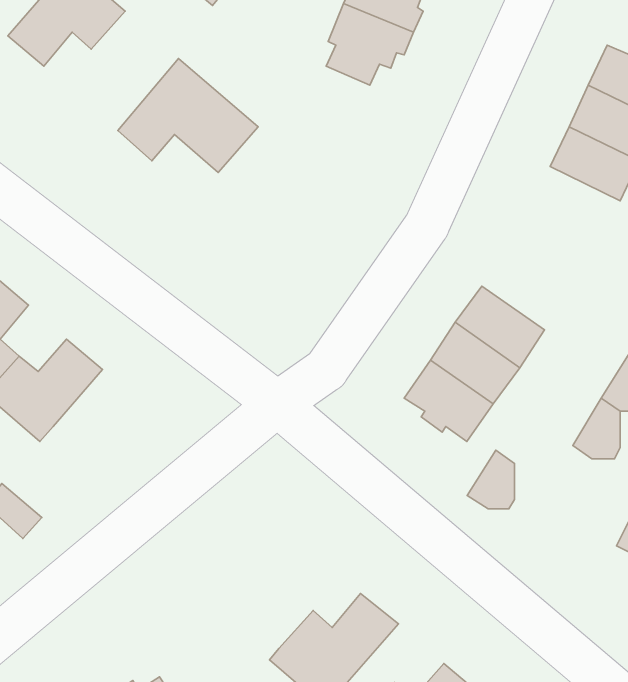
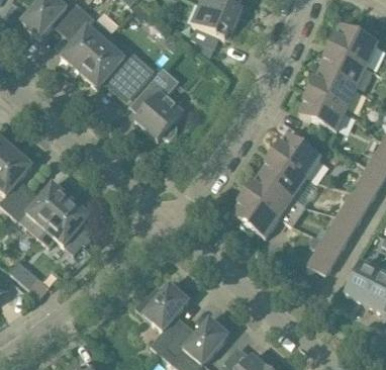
building: none -> [60,8,111,72]
building: none -> [134,67,182,140]
building: none -> [298,91,347,131]
building: none -> [273,134,320,178]
building: none -> [37,193,94,254]
building: [467,450,515,509] -> [306,240,331,271]
building: none -> [134,284,188,354]

